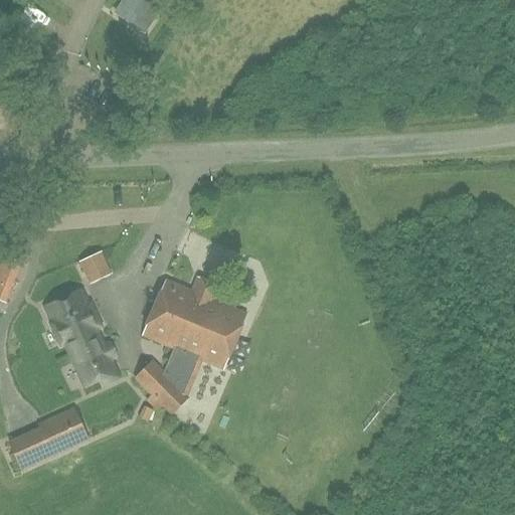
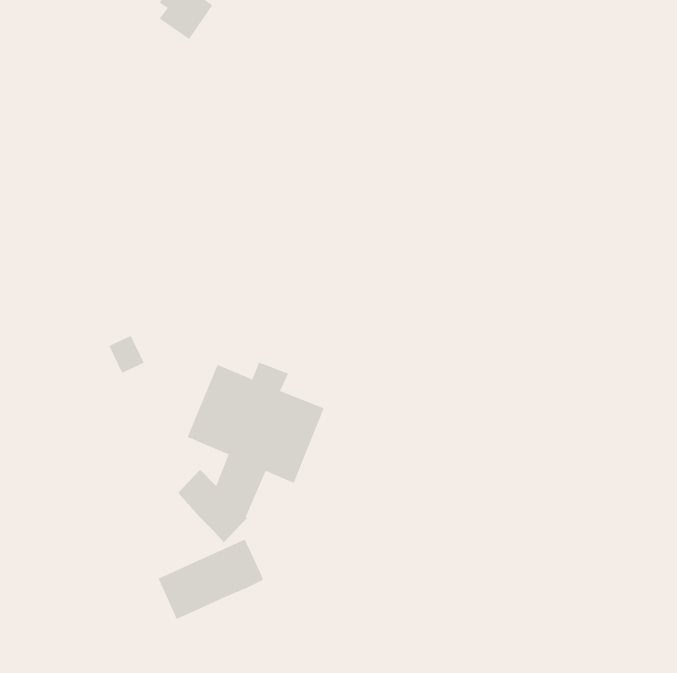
building: [46,292,117,383] -> none
building: [7,407,88,469] -> [158,539,264,620]

